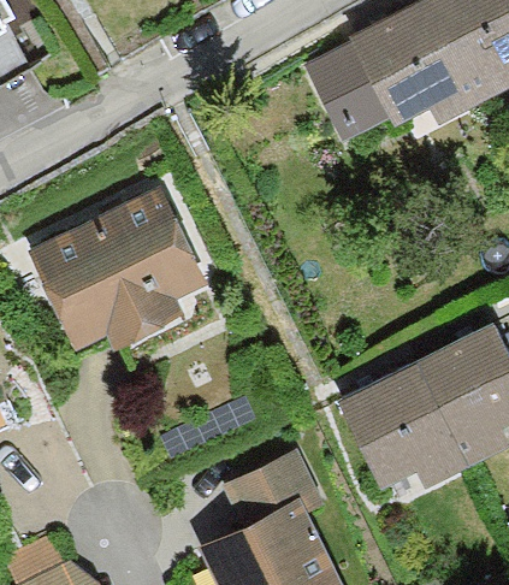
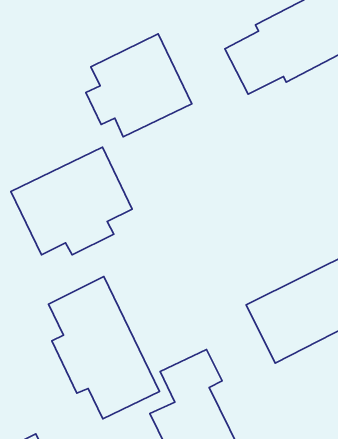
building: none -> [86,34,192,137]
building: none -> [48,277,159,419]

